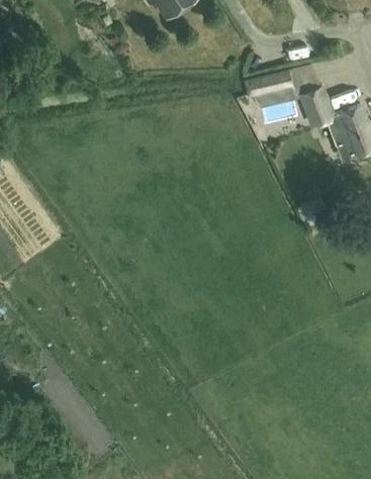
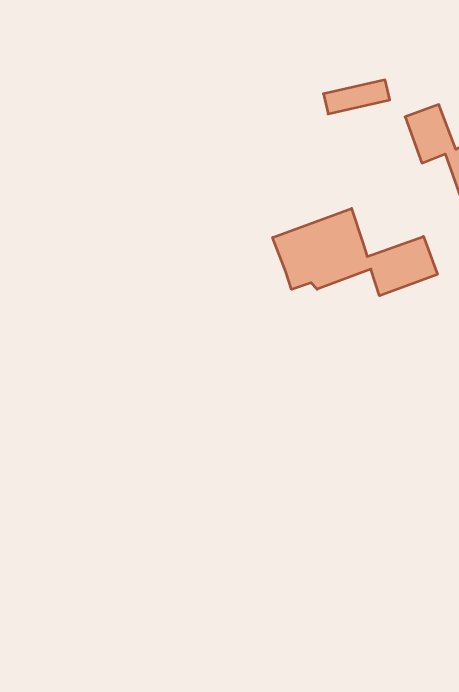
building: none -> [273,208,437,296]

